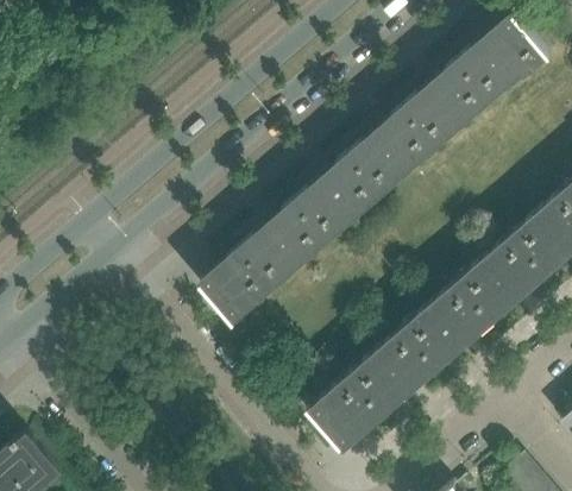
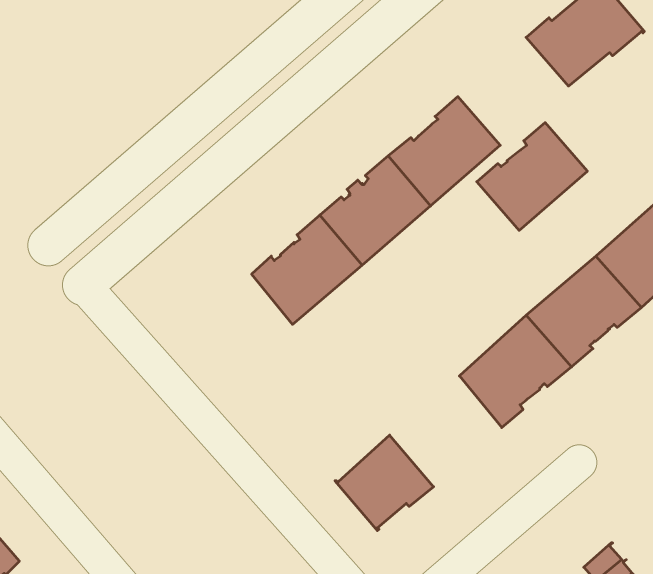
building: [403,63,490,147] -> [477,123,587,230]
building: [200,248,274,327] -> none
building: [350,328,438,415] -> none

